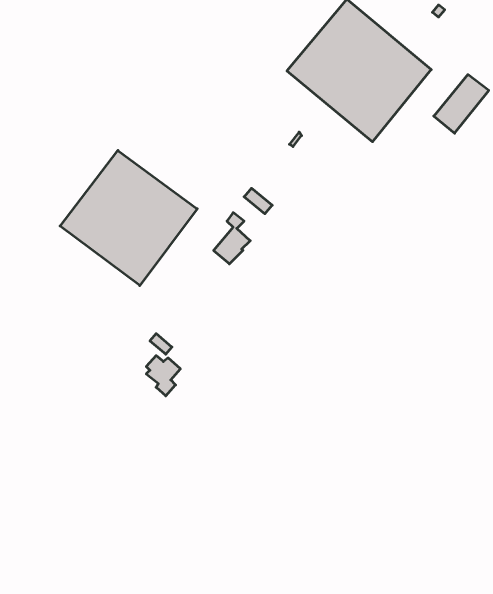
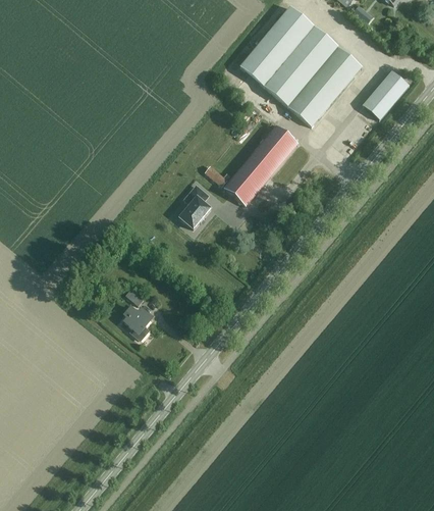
building: none -> [224,123,299,204]
building: [60,150,197,286] -> none

